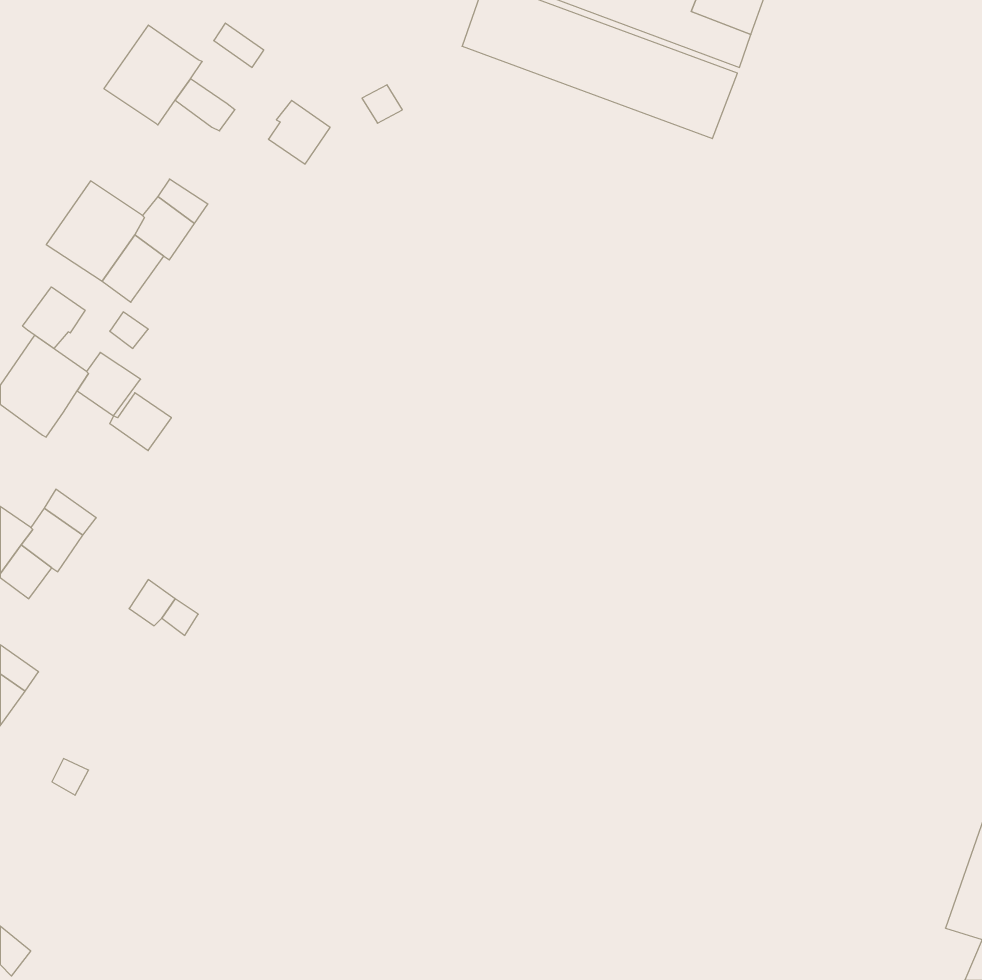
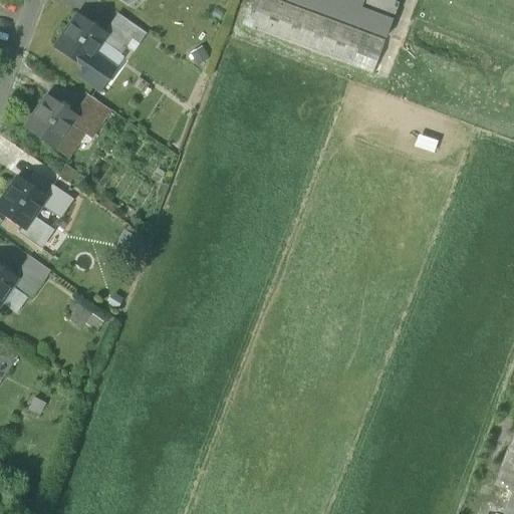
building: none -> [77,52,111,85]
building: [268,100,330,164] -> [100,21,133,54]
building: [23,287,85,348] -> none
building: [110,393,171,451] -> [21,215,53,245]

